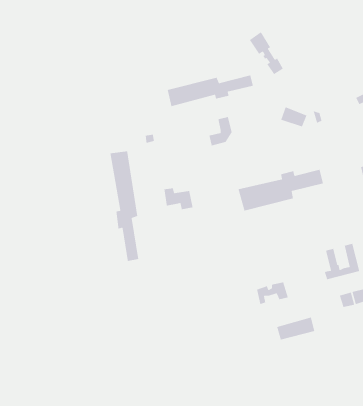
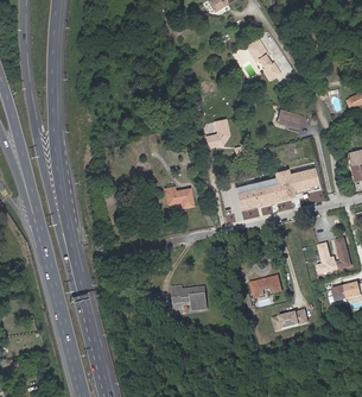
building: [167,74,254,107] -> none
building: [110,150,139,262] -> none
building: none -> [173,286,210,310]

